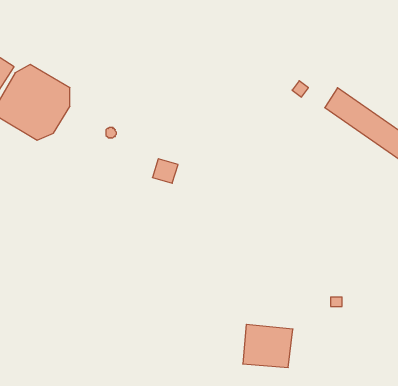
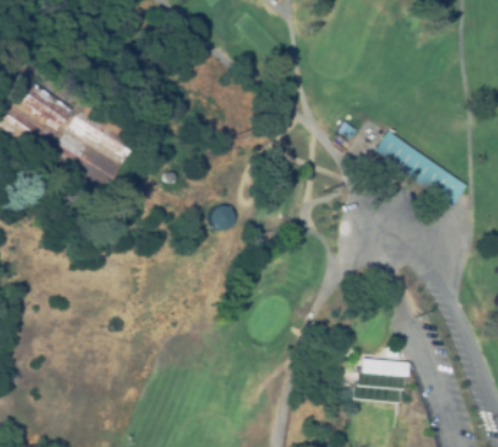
building: [243,324,293,367] -> [357,359,409,404]

